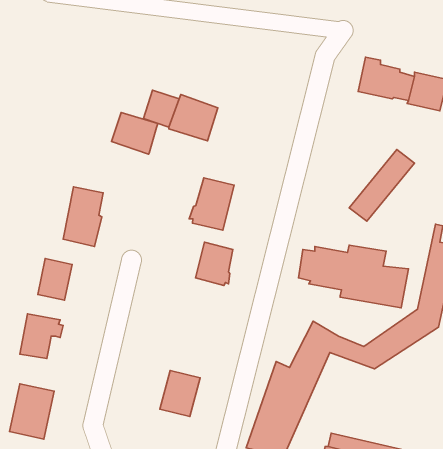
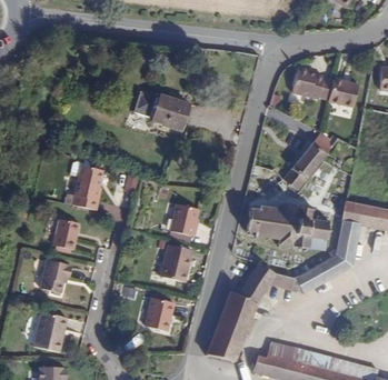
building: [112,113,158,154] -> none
building: [189,178,234,230] -> none
building: none -> [160,243,192,282]

